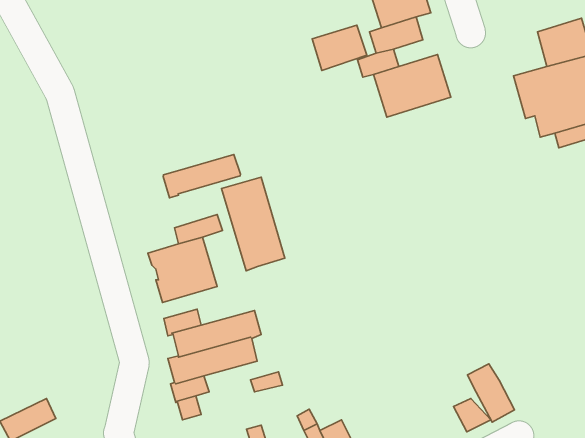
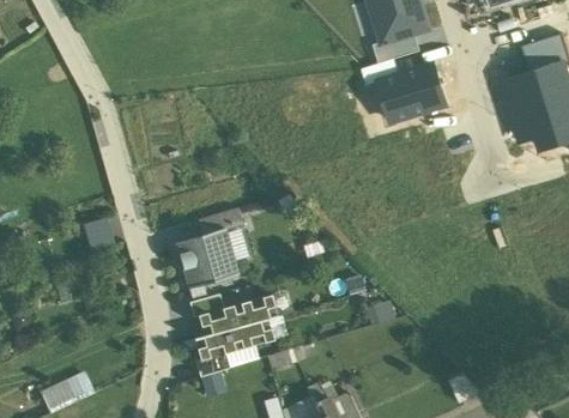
building: [312,25,367,70] -> none
building: [163,154,241,198] -> none
building: [222,177,285,271] -> none
building: none -> [83,214,113,248]
building: [467,364,514,422] -> none

